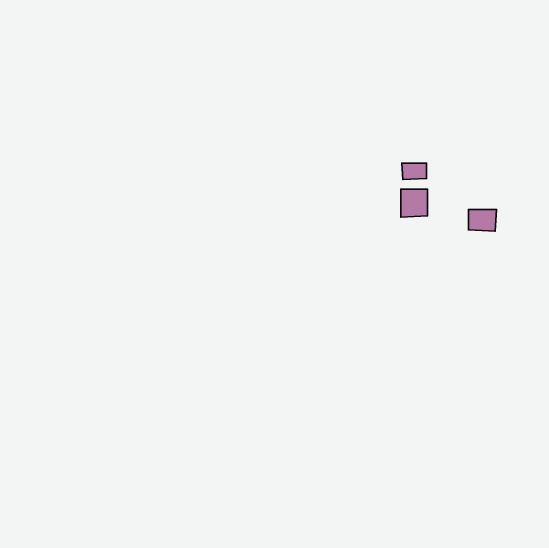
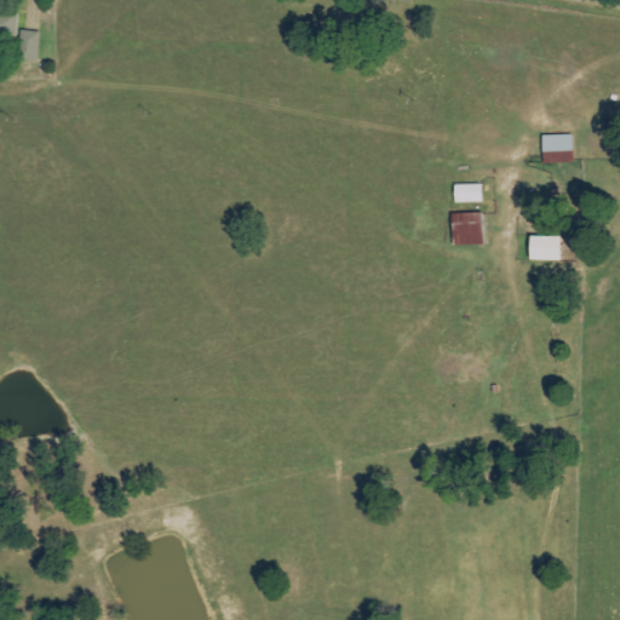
building: none -> [17,29,39,59]
building: none -> [541,133,572,162]

